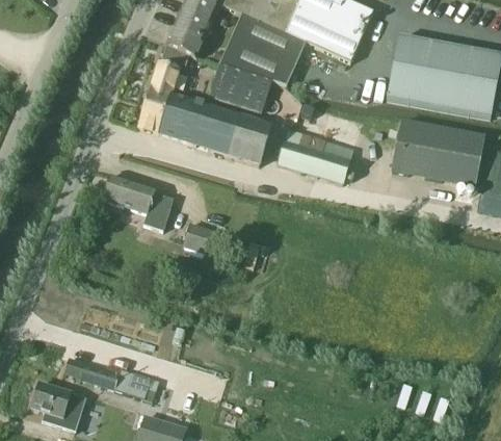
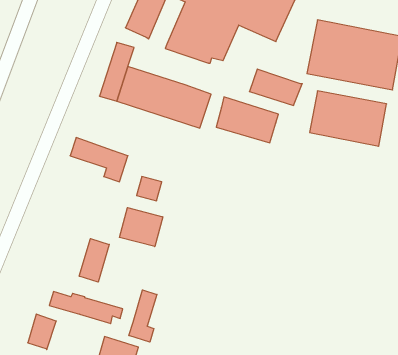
building: [208,69,271,112] -> [249,69,302,105]
building: none -> [119,208,163,247]
building: none -> [79,239,109,282]
building: none -> [129,290,157,342]
building: [31,381,62,422] -> none

